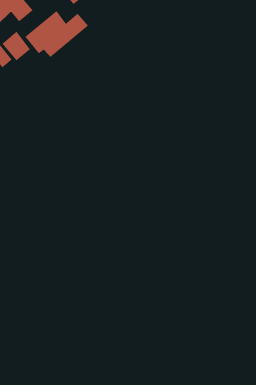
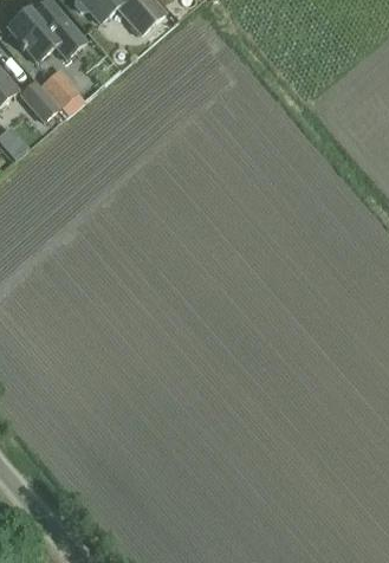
building: [25,10,89,58] -> none

